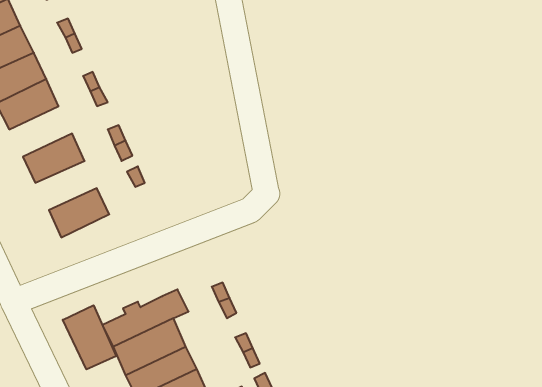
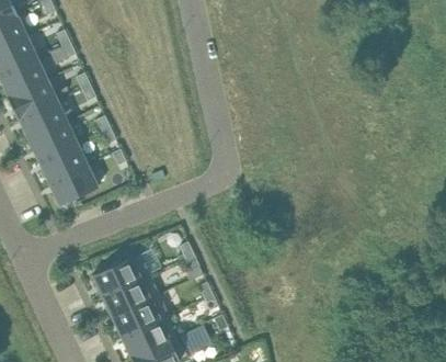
building: none -> [18,100,68,140]
building: none -> [38,144,88,183]
building: [63,305,116,369] -> none

